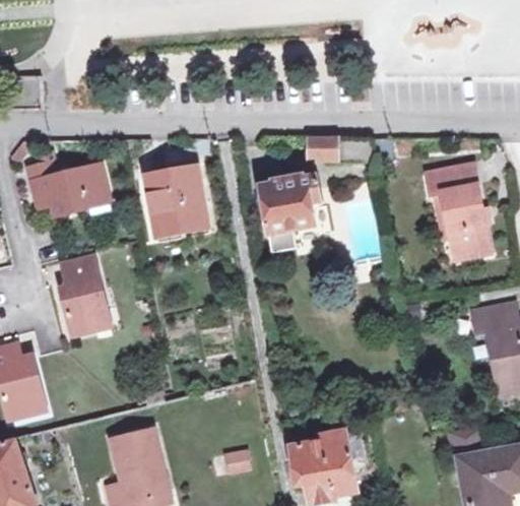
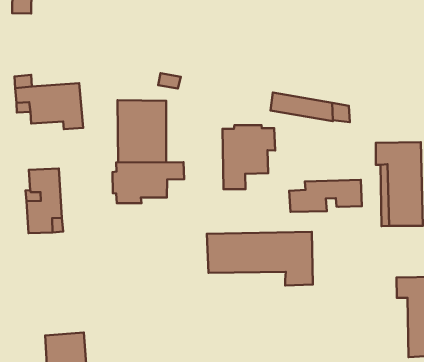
building: none -> [289,180,362,212]
building: none -> [112,162,184,203]
building: none -> [207,232,313,286]

